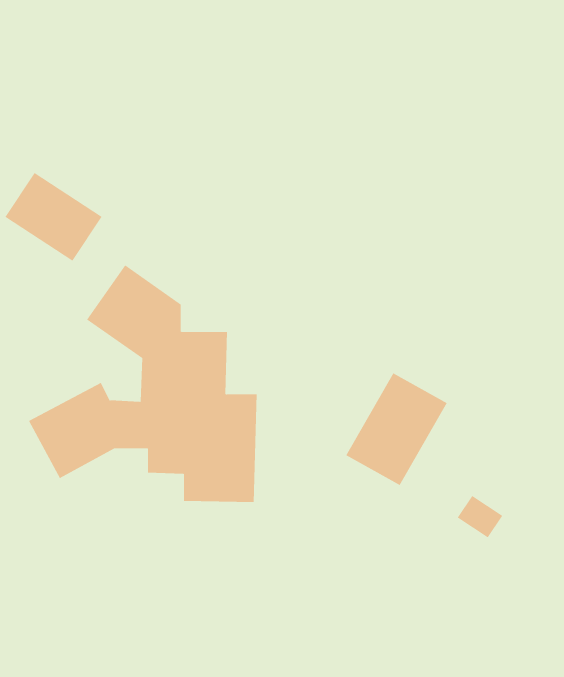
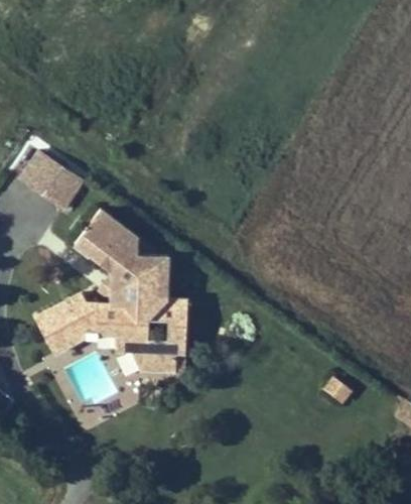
building: [346,373,447,486] -> none

